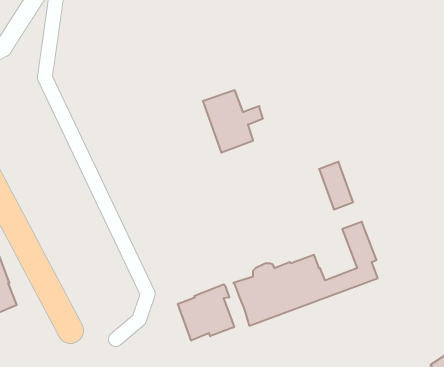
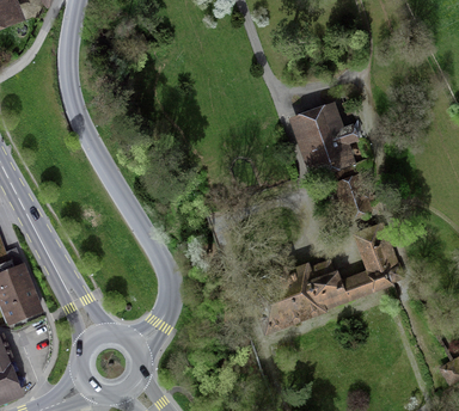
building: [203,90,263,153] -> [296,111,355,172]
building: [178,284,234,341] -> none

